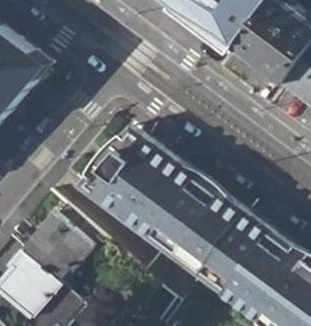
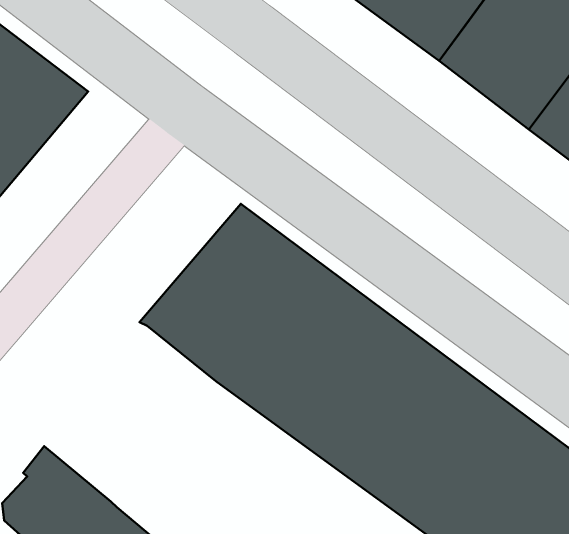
building: [26,203,100,281] -> none

